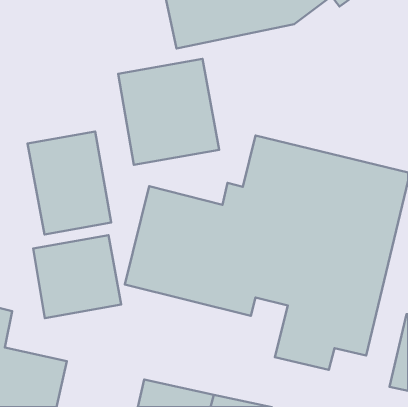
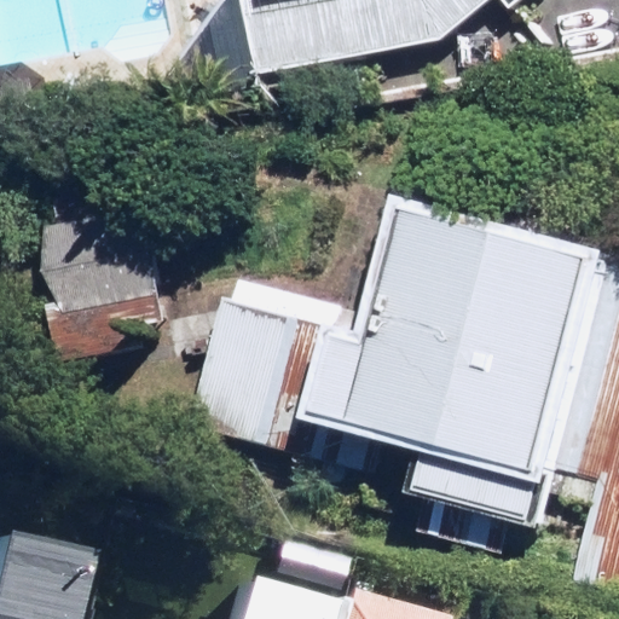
building: [118,59,219,165] -> none
building: [33,235,121,318] -> none

